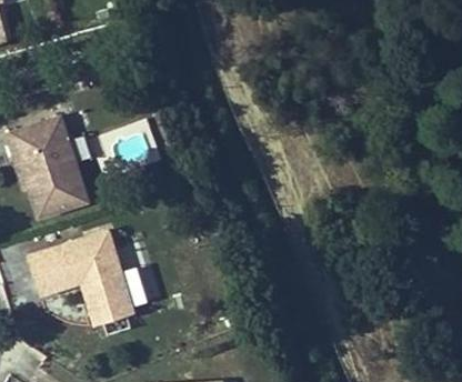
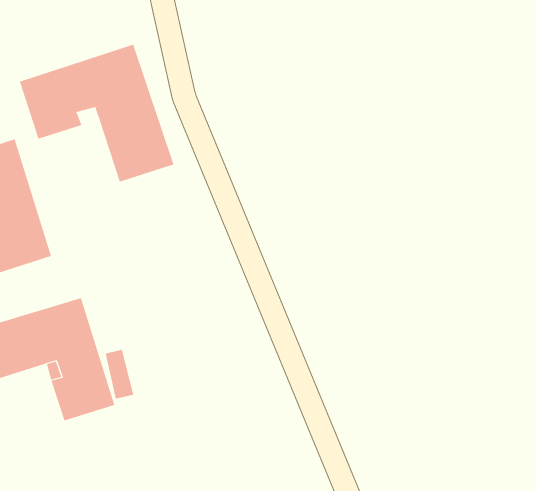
building: none -> [19,44,174,183]

